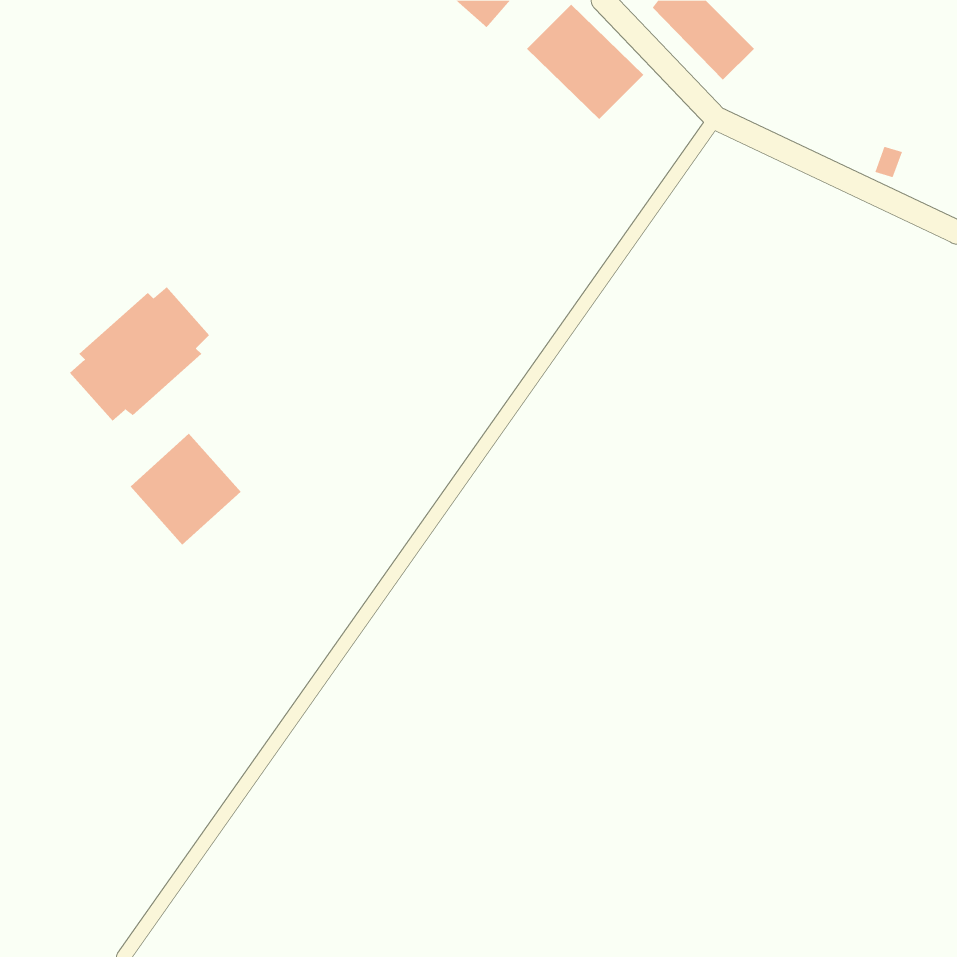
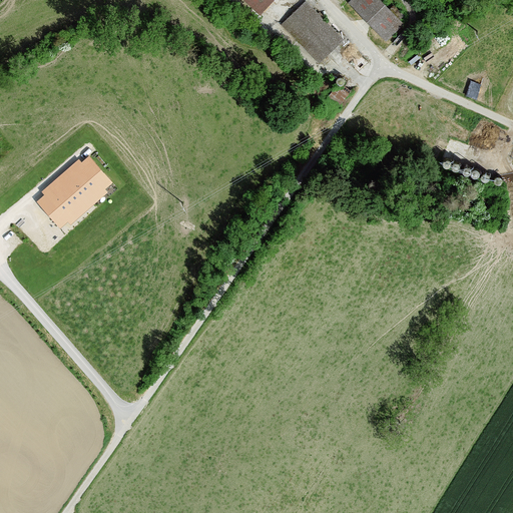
building: [130,433,241,545] -> none

